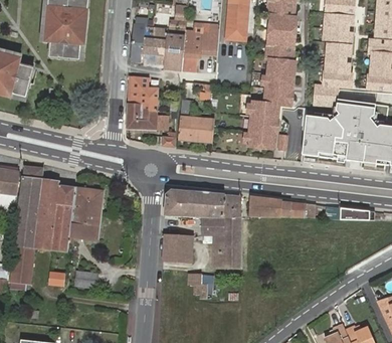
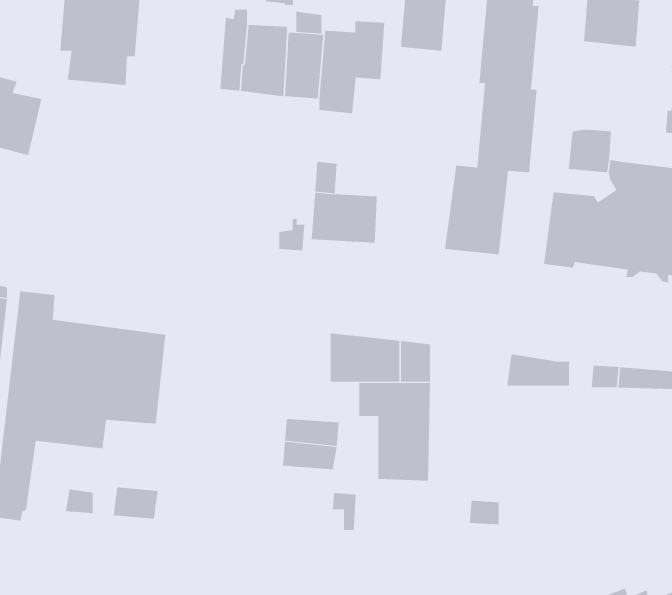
building: [323,41,351,84] -> none
building: [125,77,158,129] -> none
building: [164,189,188,216] -> none
building: [251,197,283,218] -> none

